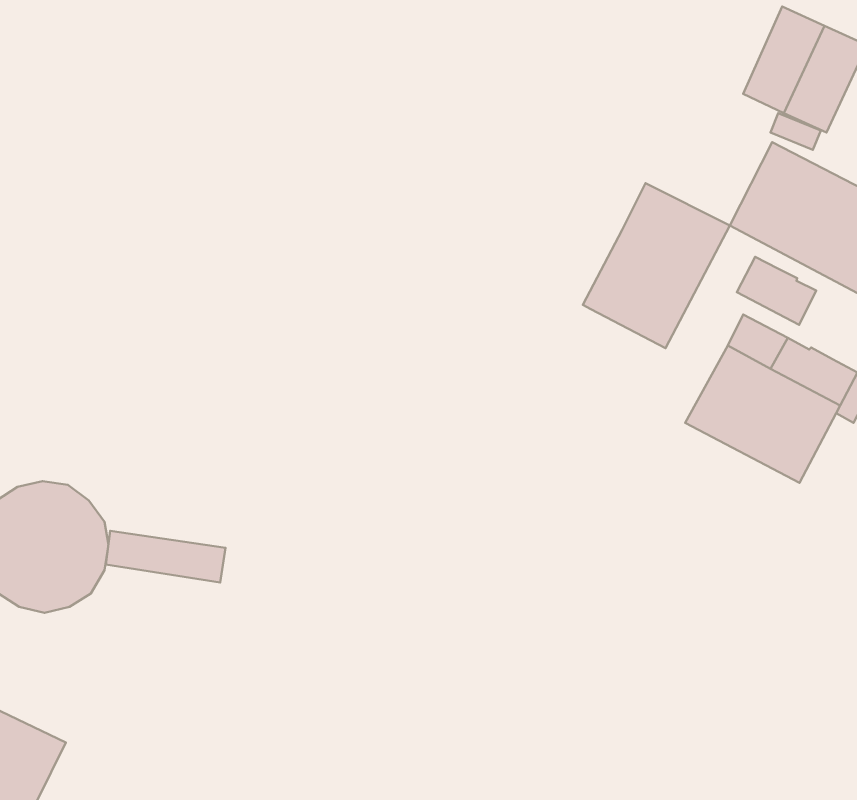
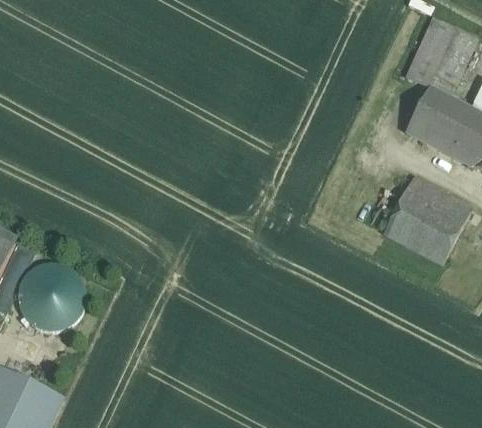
building: [583,183,730,348] -> none
building: [737,257,816,325] -> none
building: [106,531,226,583] -> none

